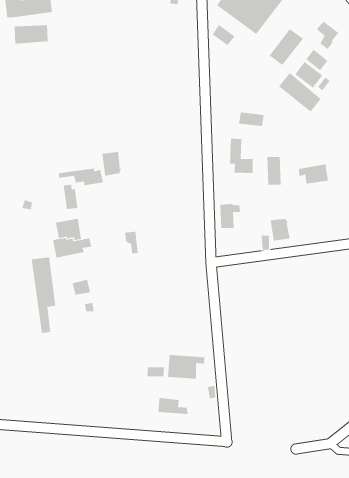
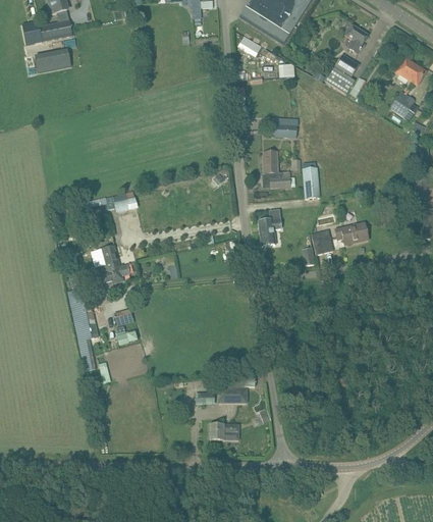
building: [269,28,304,66] -> none
building: [278,72,322,112] -> none
building: [102,151,121,177] -> none
building: [298,164,329,184] -> [335,221,368,244]

